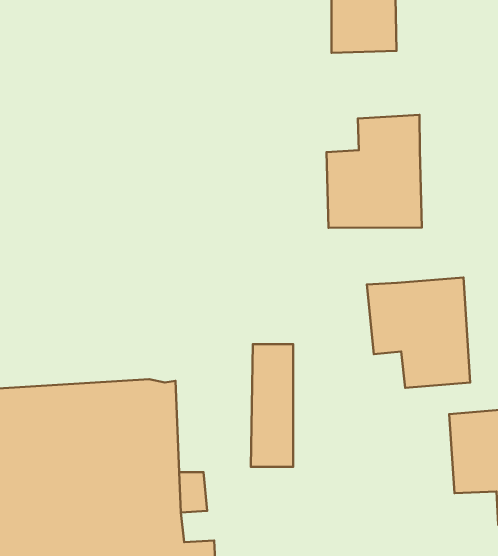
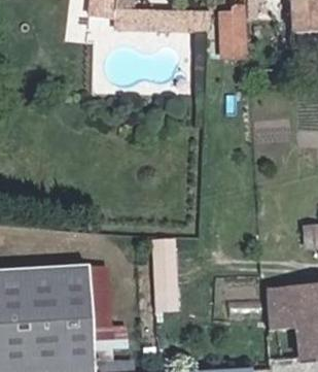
building: [327,115,422,228] -> none
building: [367,277,470,388] -> none

